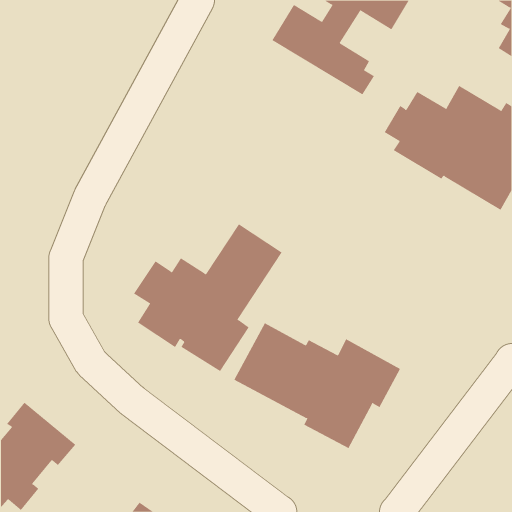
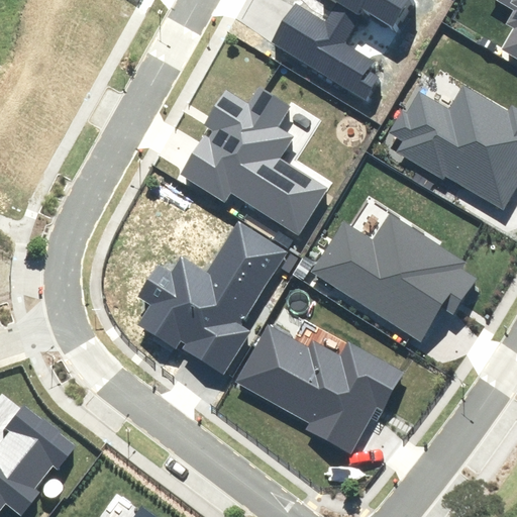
building: none -> [180,89,325,234]
building: none -> [313,214,476,340]

